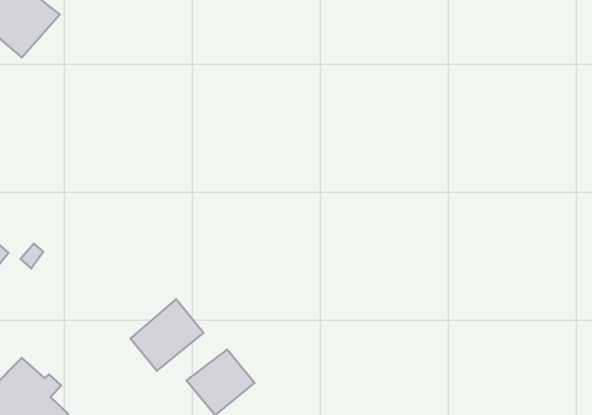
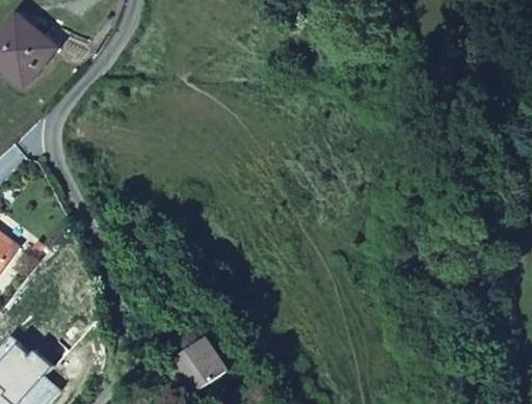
building: [131,299,203,371] -> none

